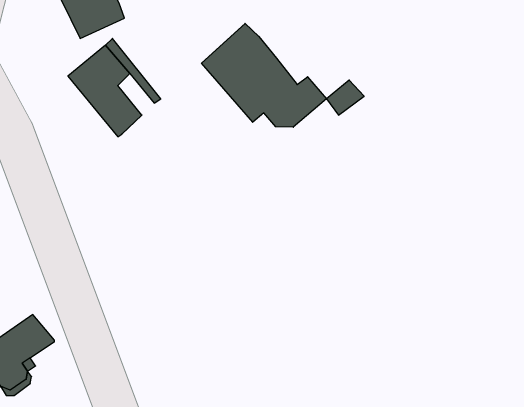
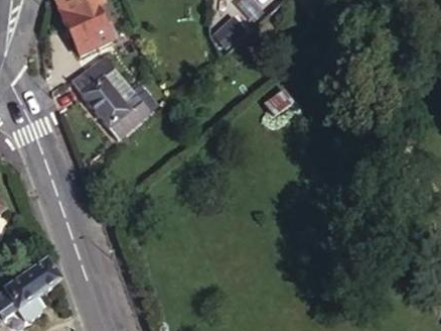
building: [202,23,326,127] -> none
building: none -> [109,80,149,134]

